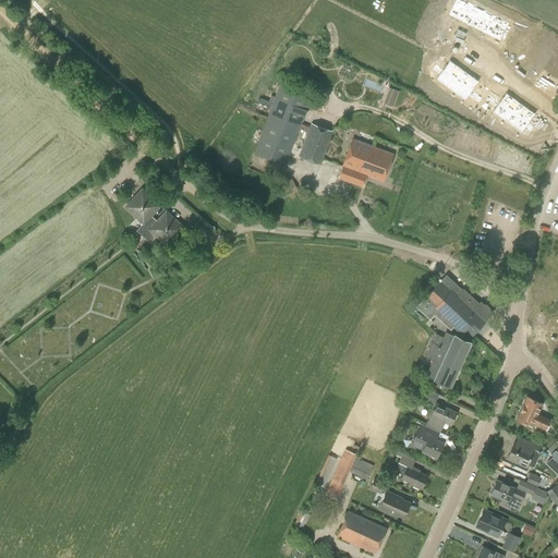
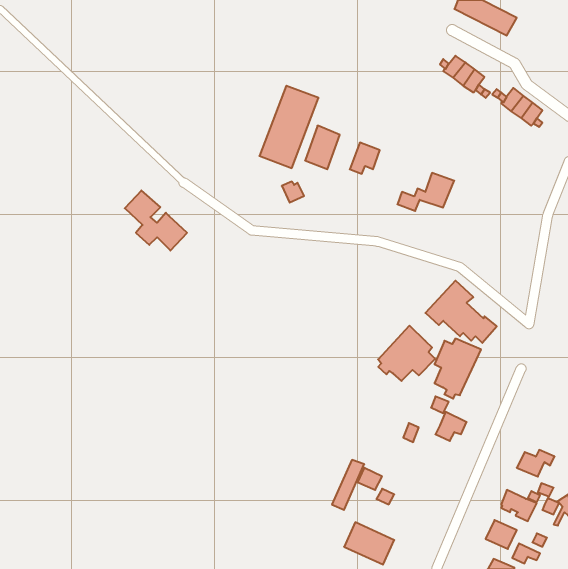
building: [339,147,395,184] -> [397,173,454,211]
building: none -> [378,326,435,381]
building: [518,397,553,430] -> none
building: [410,423,444,457] -> none
building: [396,450,428,489] -> none
building: [379,492,411,519] -> none

